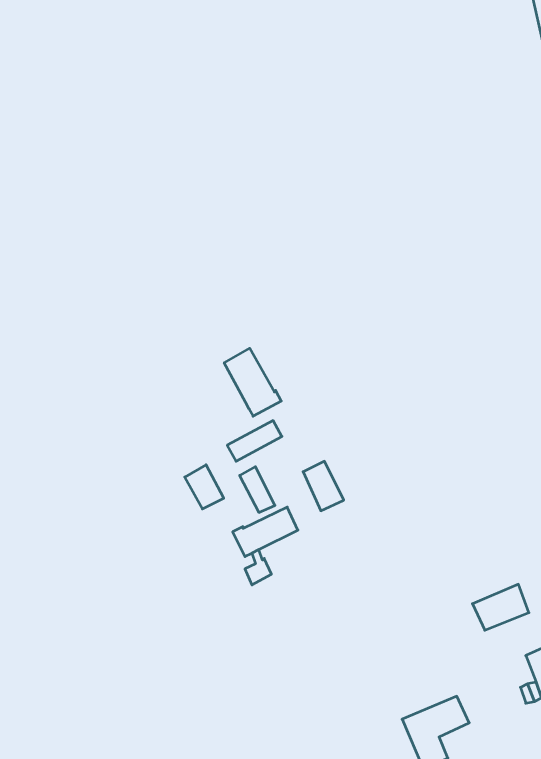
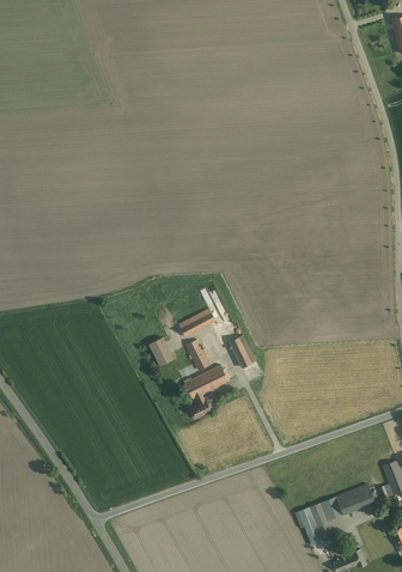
building: [224,348,281,416] -> none
building: [472,584,529,630] -> [336,481,374,512]

